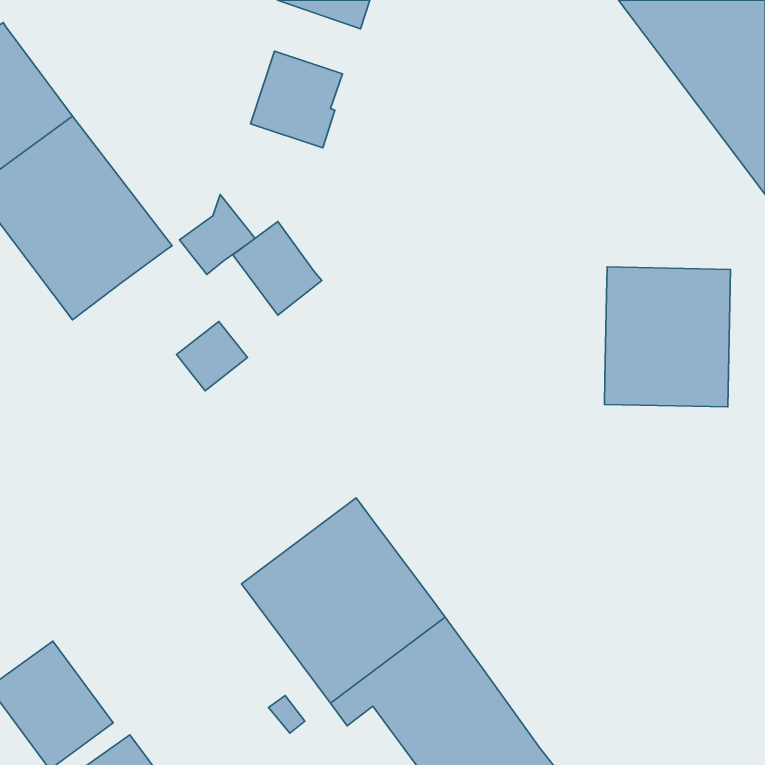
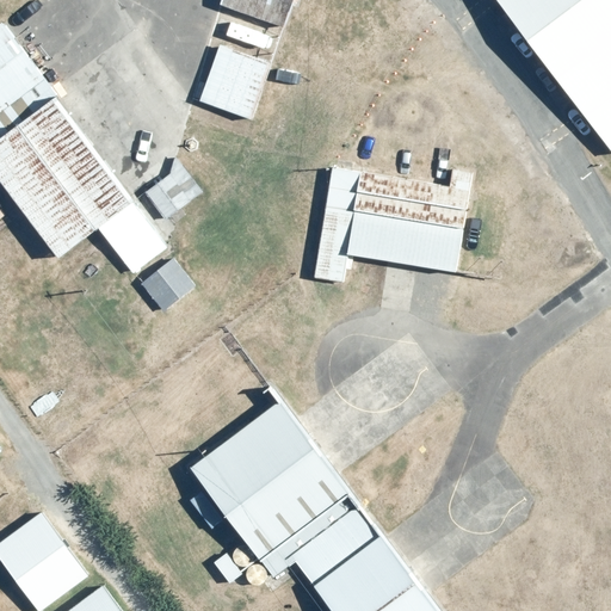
building: none -> [313,167,473,283]
building: [233,222,322,315] -> [97,202,167,276]
building: [605,267,730,407] -> none

